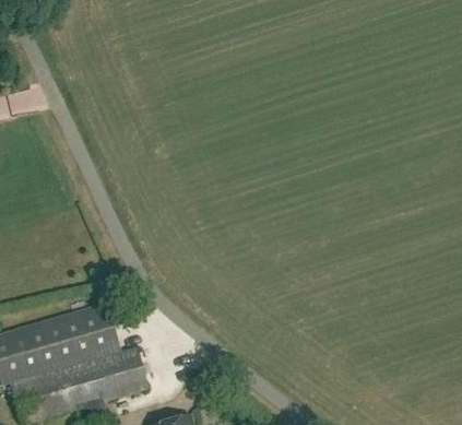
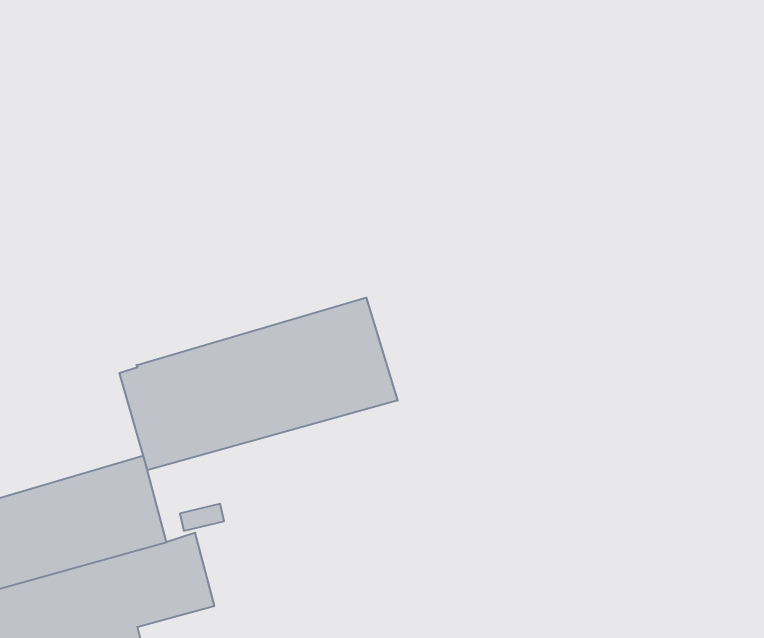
building: none -> [120,298,398,470]

